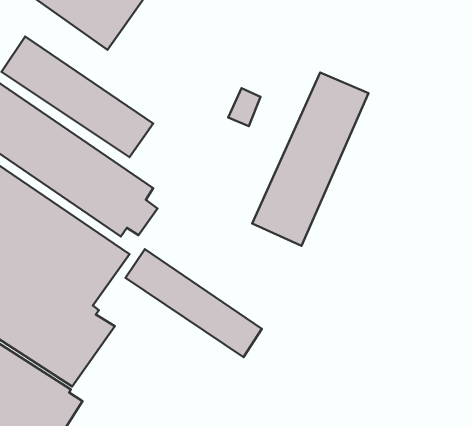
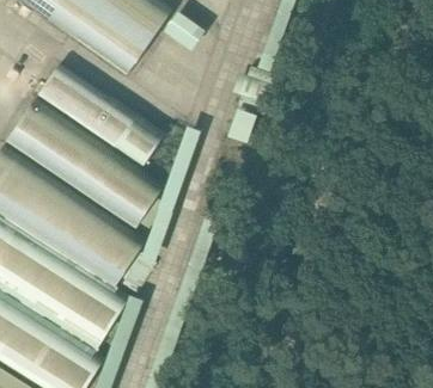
building: [252,72,369,246] -> none
building: [125,249,262,357] -> none

